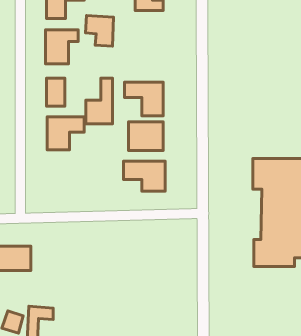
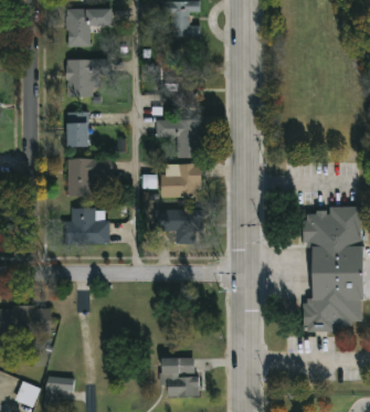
building: [86,15,114,46] -> [166,67,198,103]
building: [86,78,113,124] -> none
building: none -> [64,209,109,245]
building: none -> [161,359,197,397]

